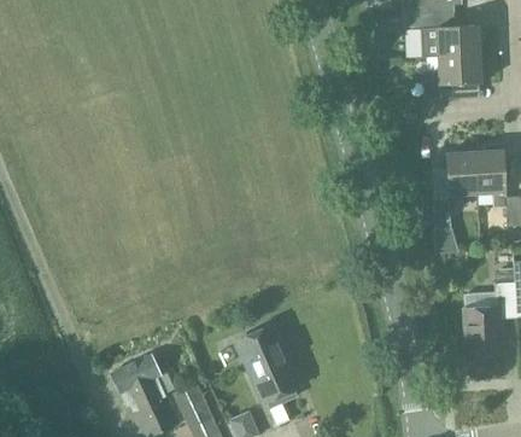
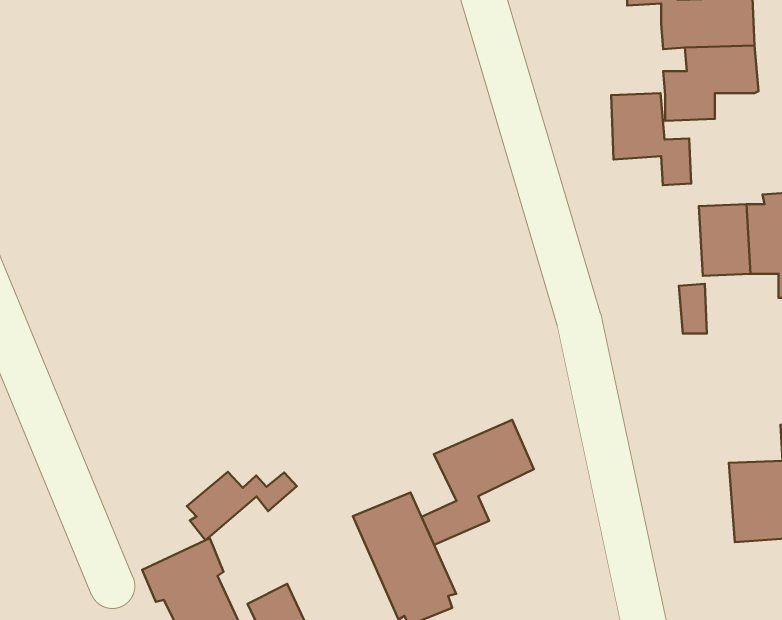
building: none -> [611,93,691,185]
building: none -> [422,420,534,545]
building: none -> [187,472,297,540]

